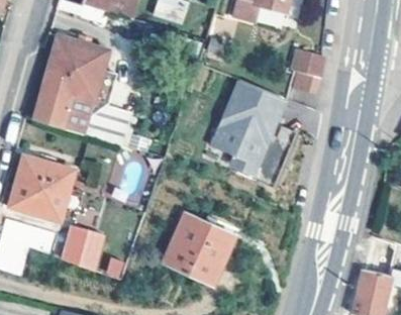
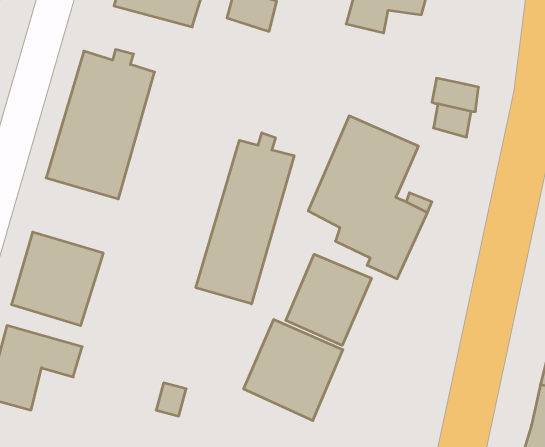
building: none -> [196,133,294,304]
building: none -> [286,254,371,345]
building: [62,226,98,269] -> none

